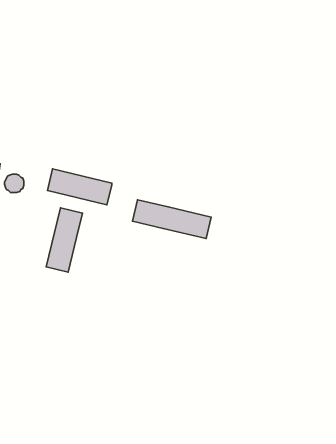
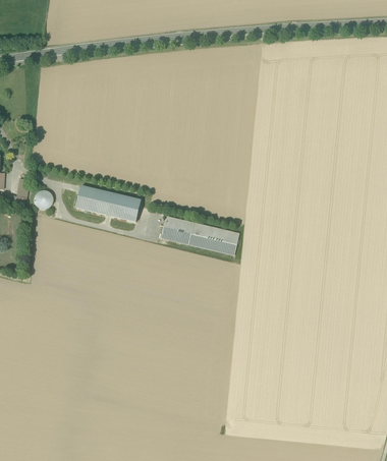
building: [46,208,82,272] -> none

